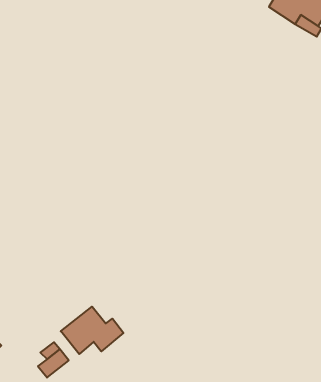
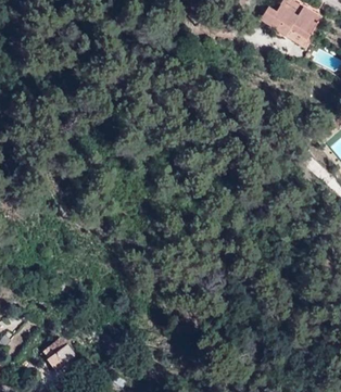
building: [61,307,123,354] -> none

